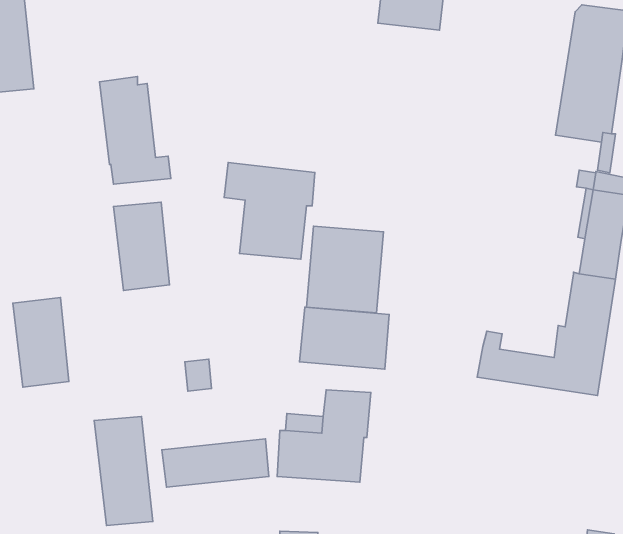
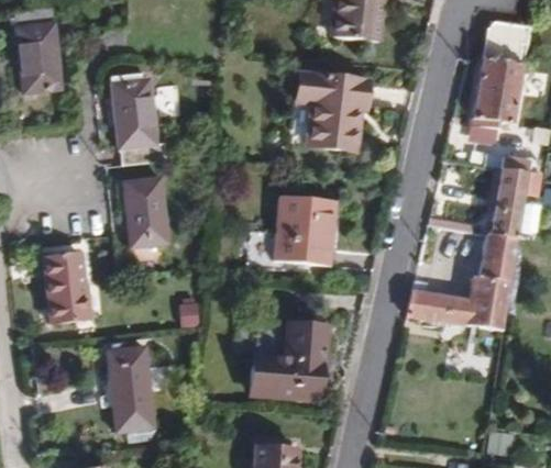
building: [224,163,315,259] -> [296,73,367,148]
building: [300,307,389,369] -> none
building: [162,439,269,487] -> none

